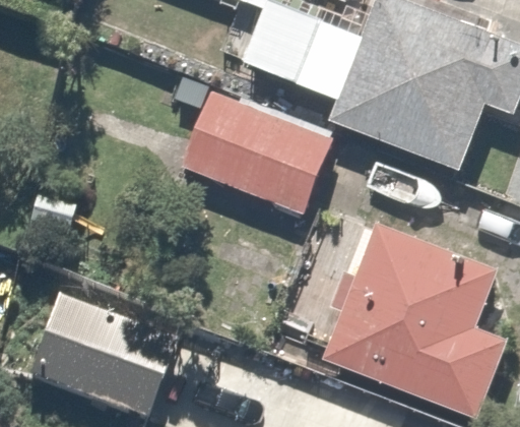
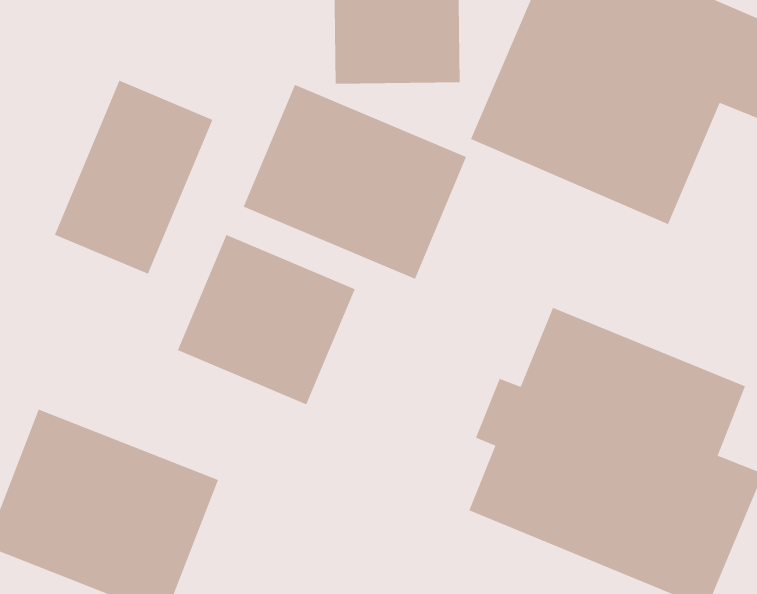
building: none -> [54,80,213,275]
building: none -> [177,234,355,405]

